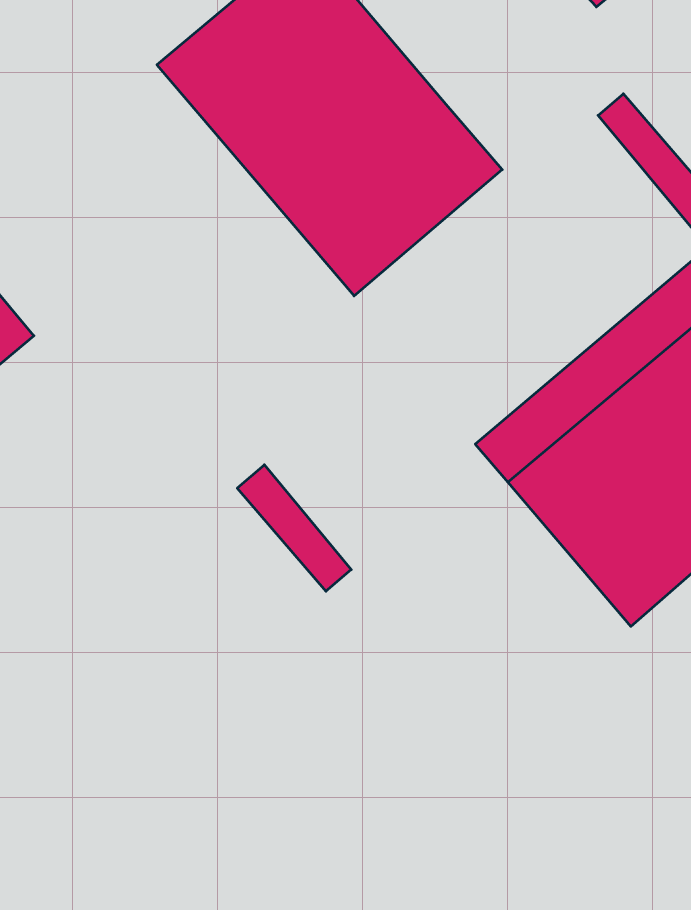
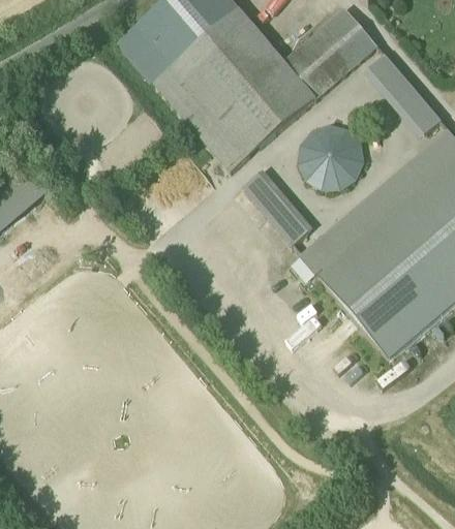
building: none -> [283,7,377,97]
building: none -> [299,124,363,187]
building: [237,465,351,591] -> [242,173,307,245]

